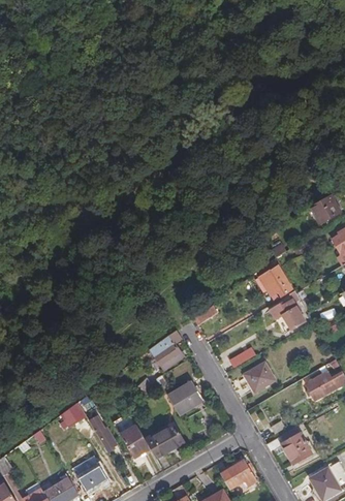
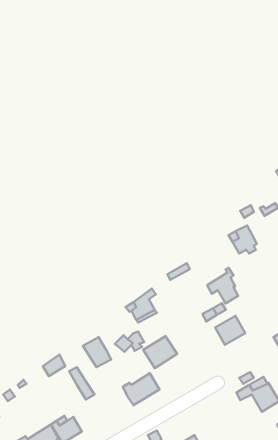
building: [272,290,305,328] -> [207,268,238,304]
building: [121,424,151,456] -> [83,337,111,367]
building: [221,458,256,488] -> none

